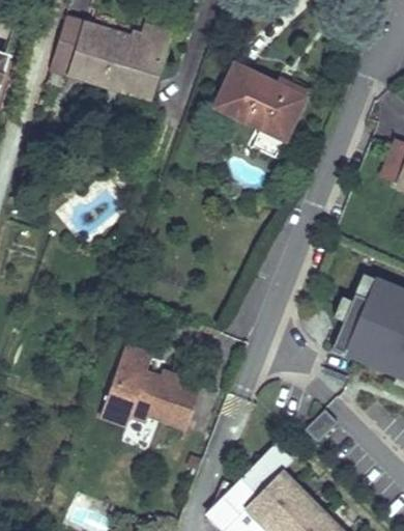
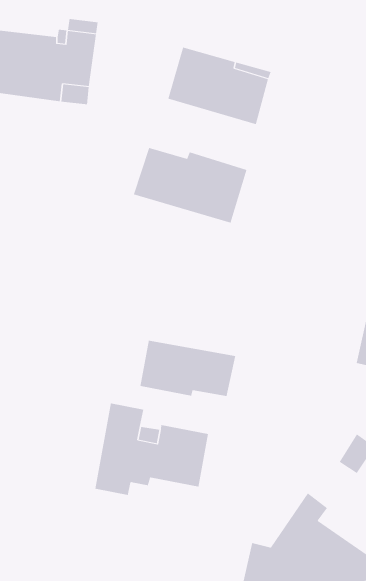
building: none -> [133,147,247,224]
building: none -> [140,340,236,397]

